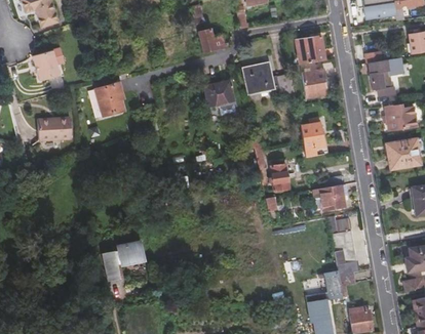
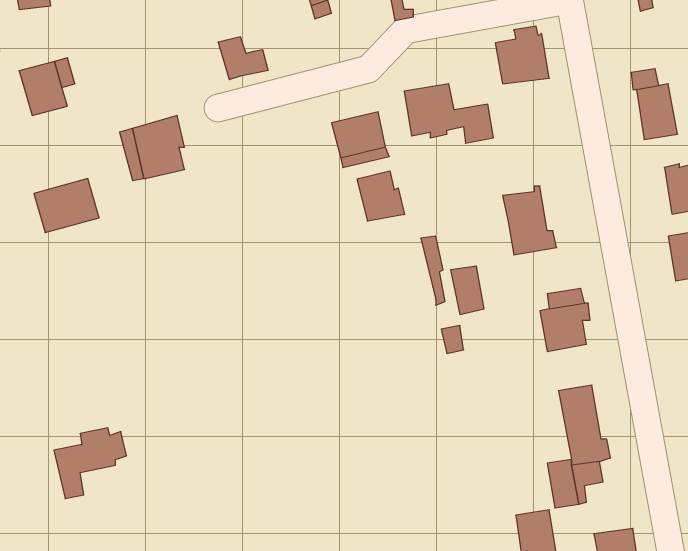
building: [197,27,225,50] -> [218,37,268,80]
building: [301,68,325,96] -> none
building: none -> [357,171,405,221]
building: [103,240,143,279] -> [54,428,127,499]

